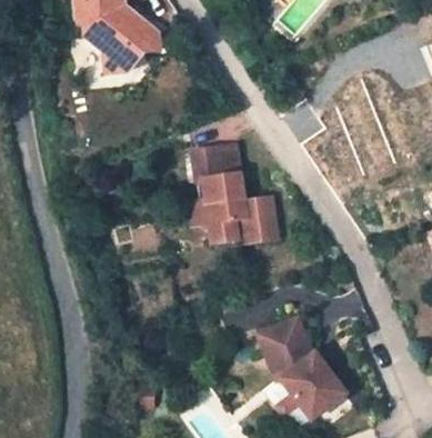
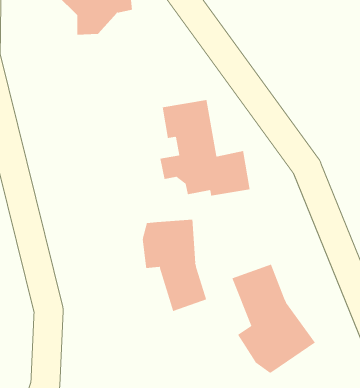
building: none -> [142,219,207,312]

